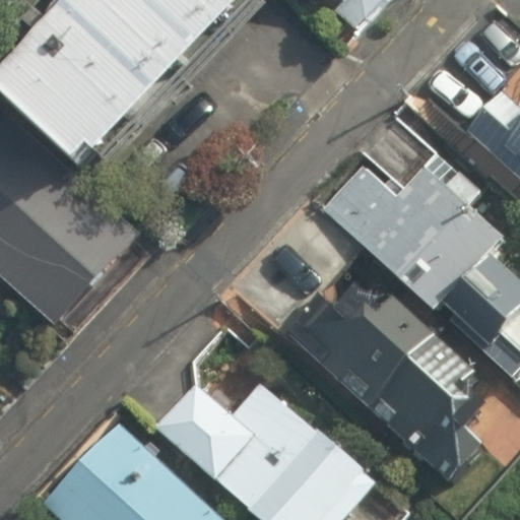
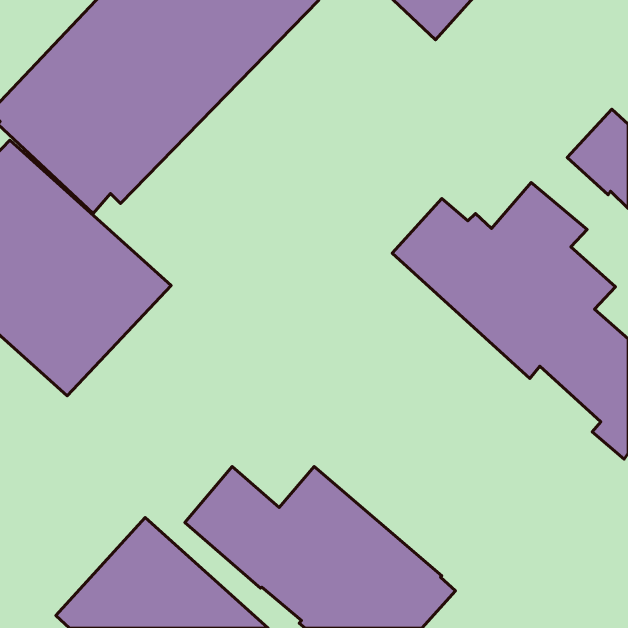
building: [283,284,489,481] -> none

